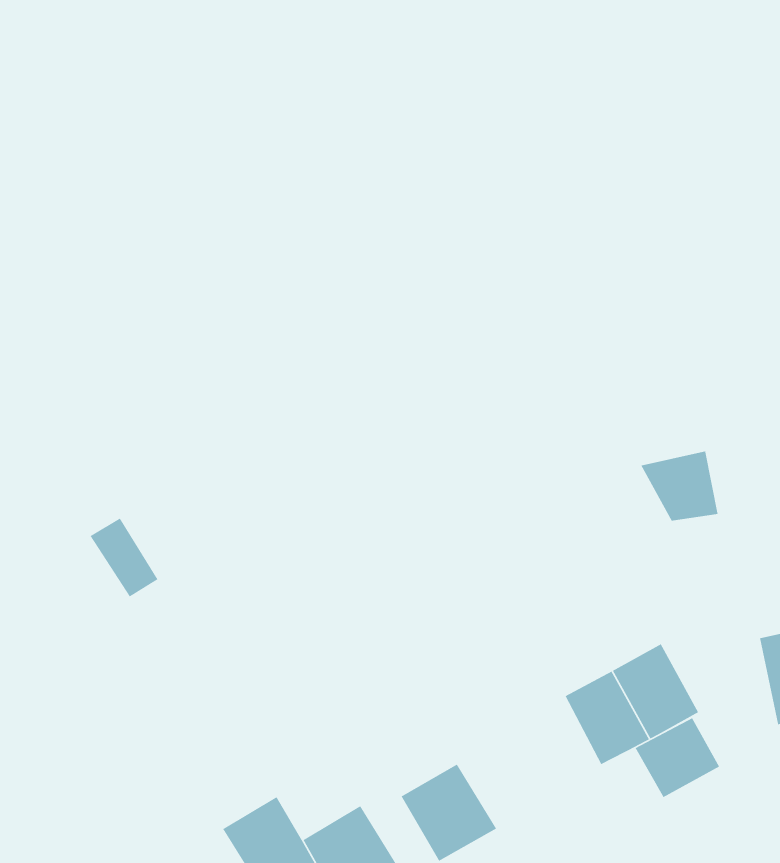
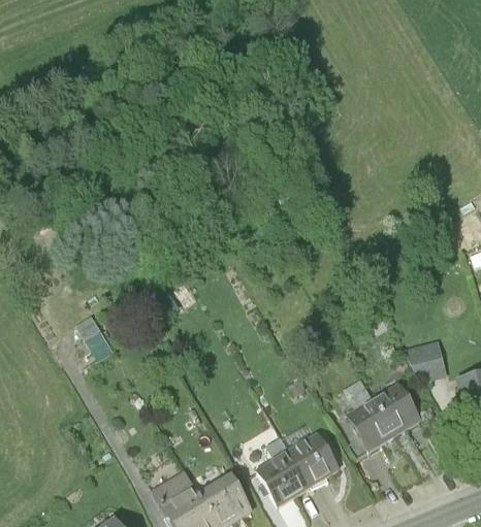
building: [640,451,719,522] -> [402,340,446,381]
building: [634,717,720,798] -> none
building: none -> [285,430,340,487]

